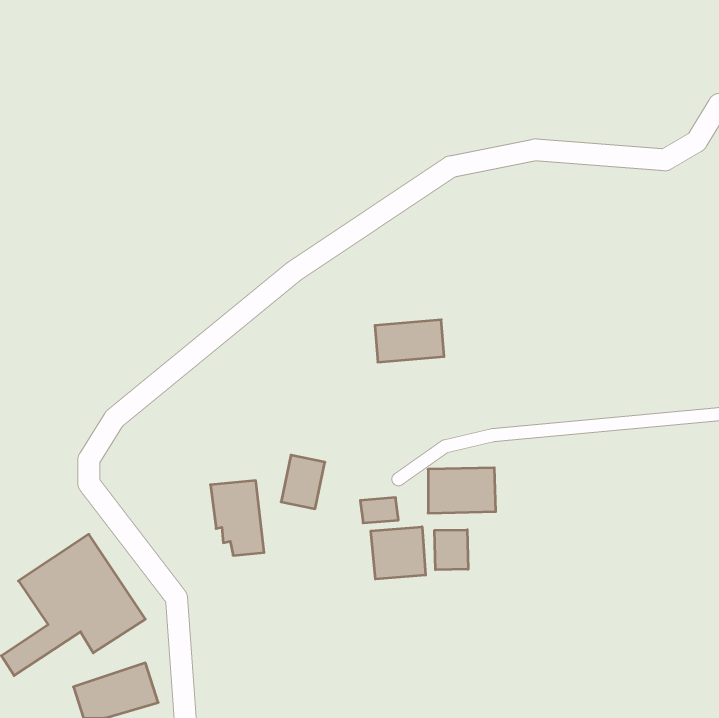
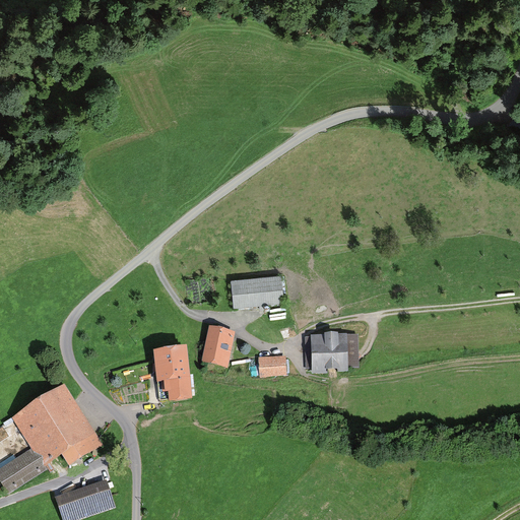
building: [375,320,444,362] -> [233,276,282,307]
building: [371,527,426,579] -> none
building: [435,530,468,570] -> none

